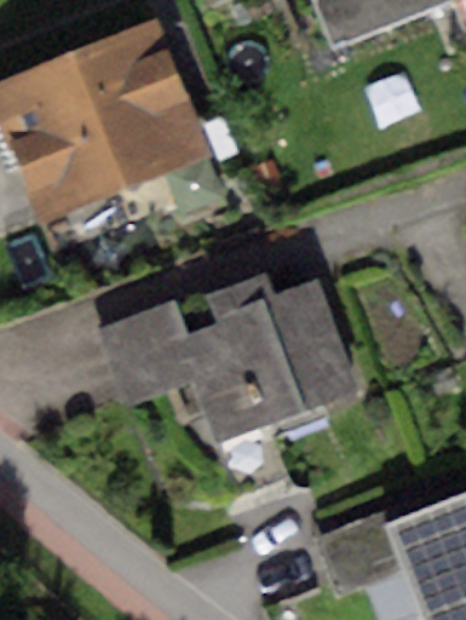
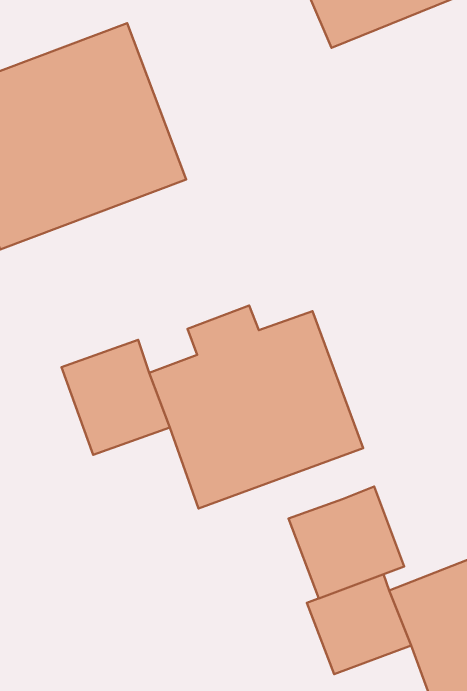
building: none -> [289,487,404,598]

